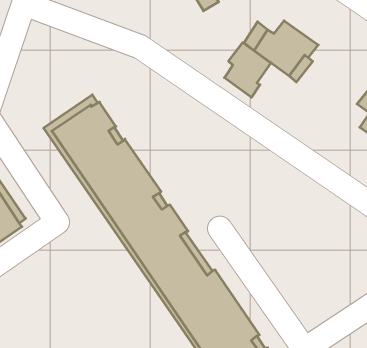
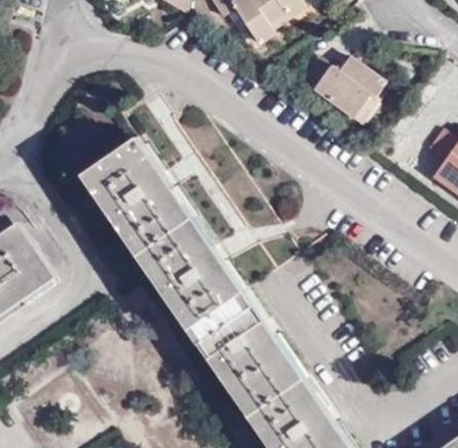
building: [224,43,271,97] -> none

